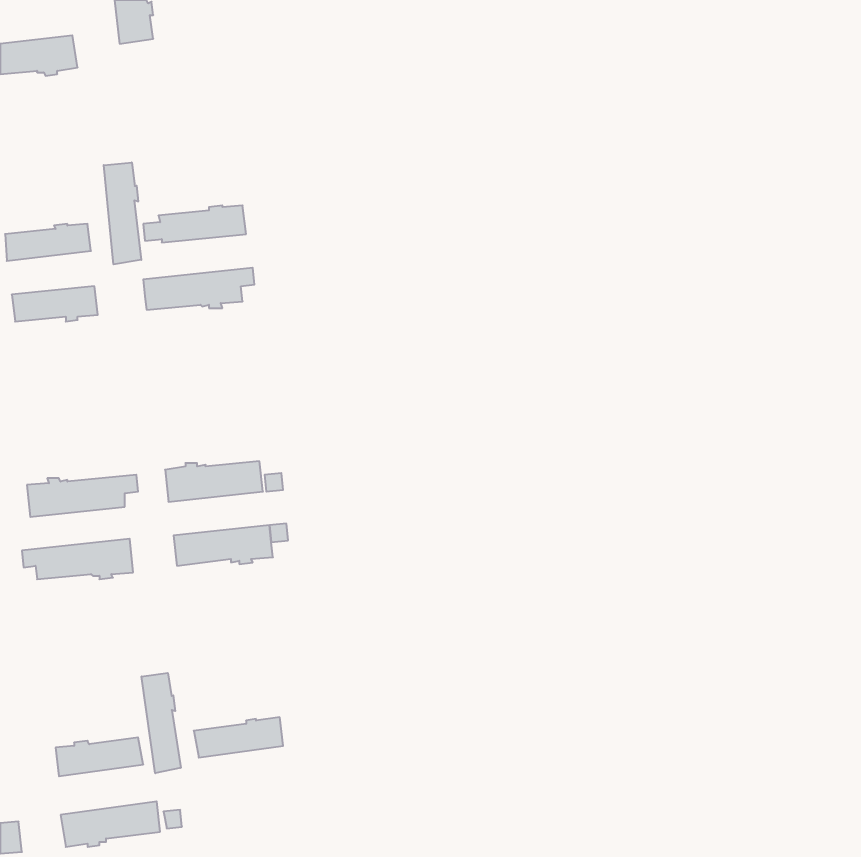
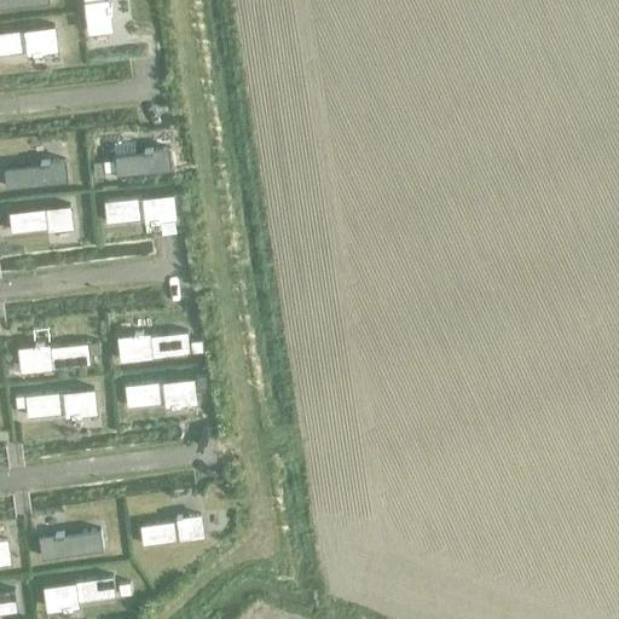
building: [104,162,141,264] -> none
building: [142,673,181,773] -> none

